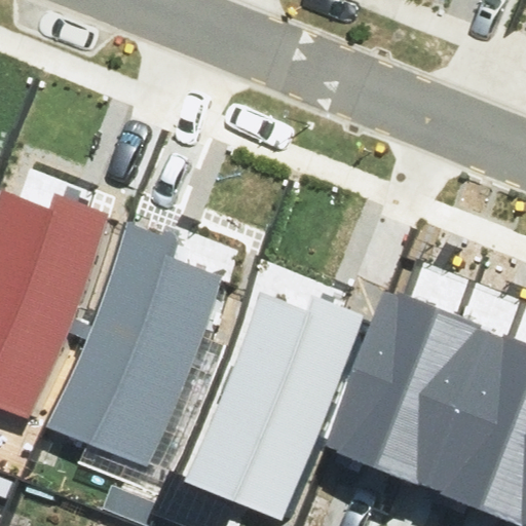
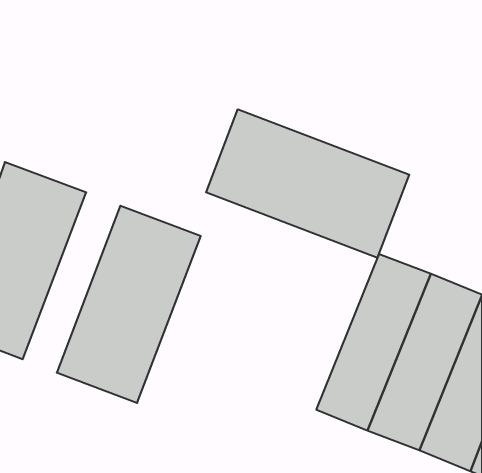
building: none -> [206,109,409,258]
building: [202,300,359,514] -> none

